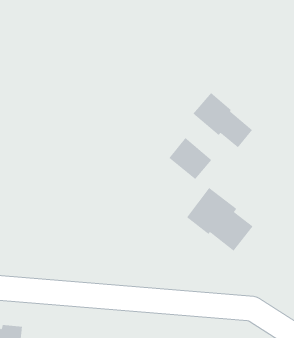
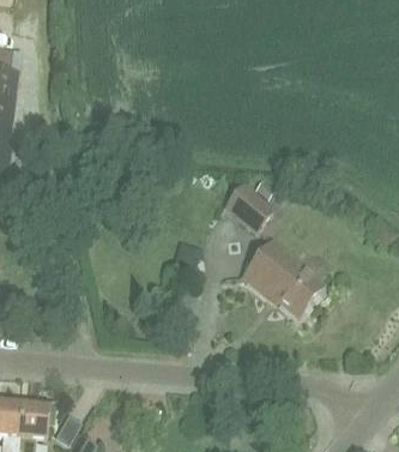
building: [192,92,253,148] -> none

